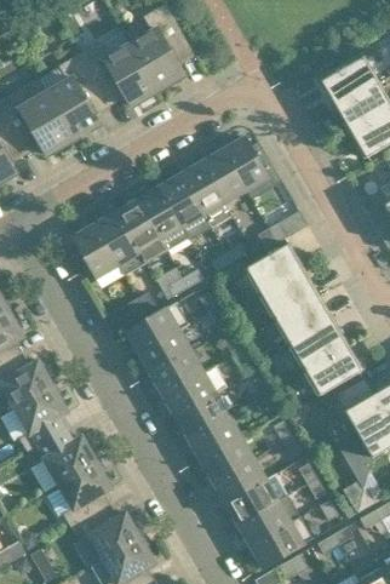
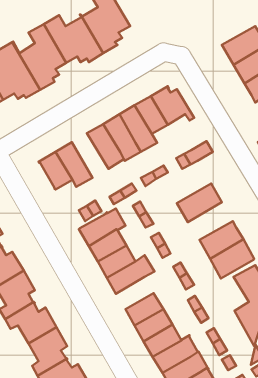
building: [116,200,166,260] -> none
building: [243,242,304,294] -> none
building: [273,293,333,344] -> none
building: [176,394,226,437] -> none

